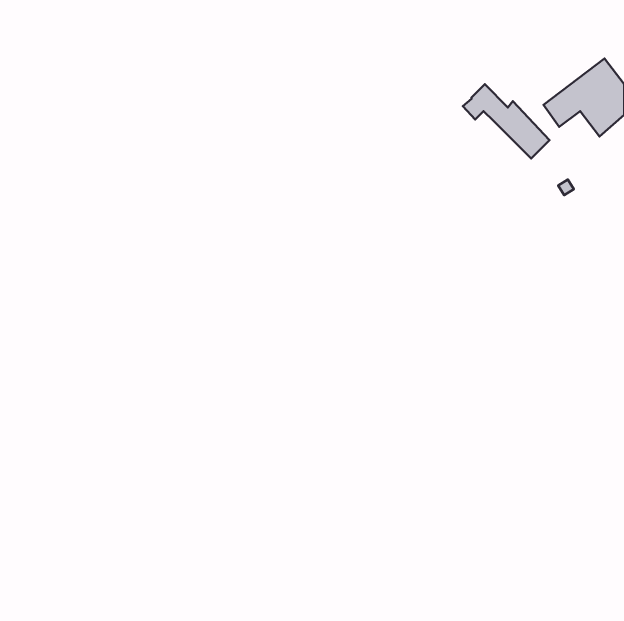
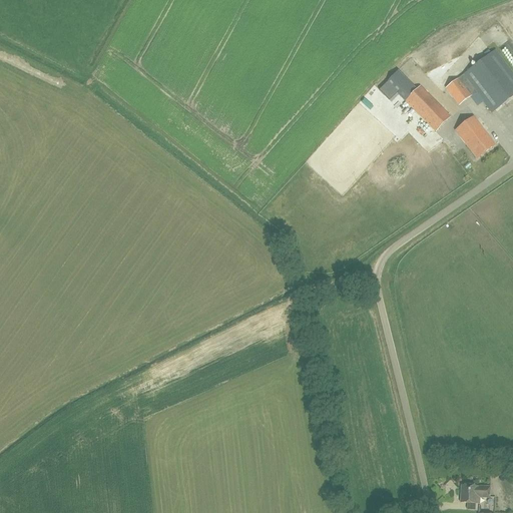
building: none -> [455,115,495,157]
building: none -> [460,484,491,502]

